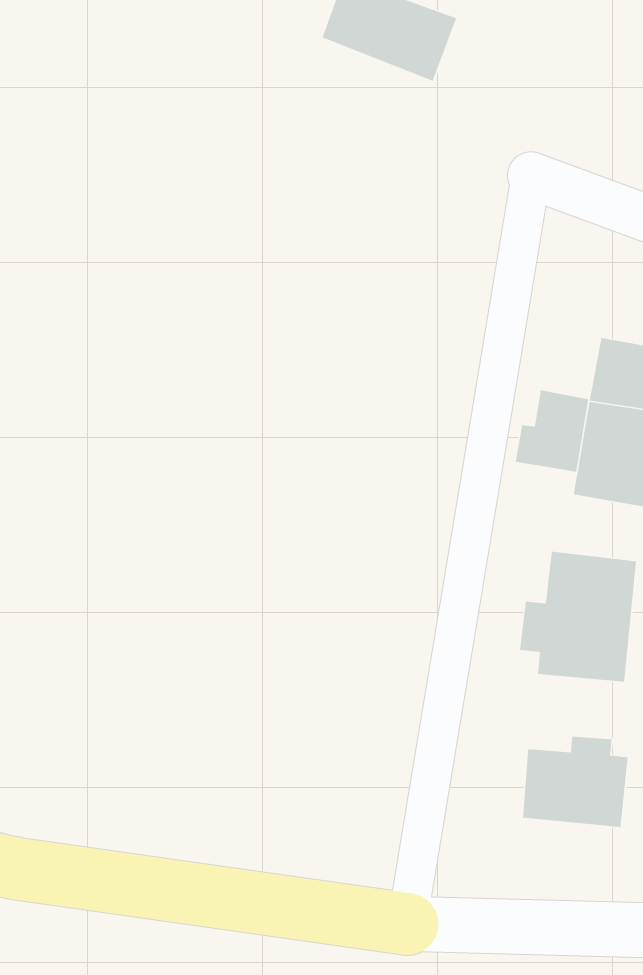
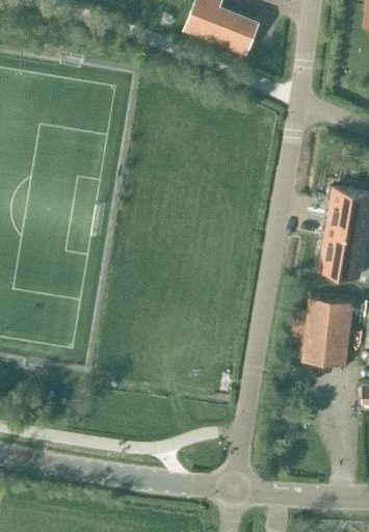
building: [515,387,589,472] -> none
building: [522,736,629,828] -> none

